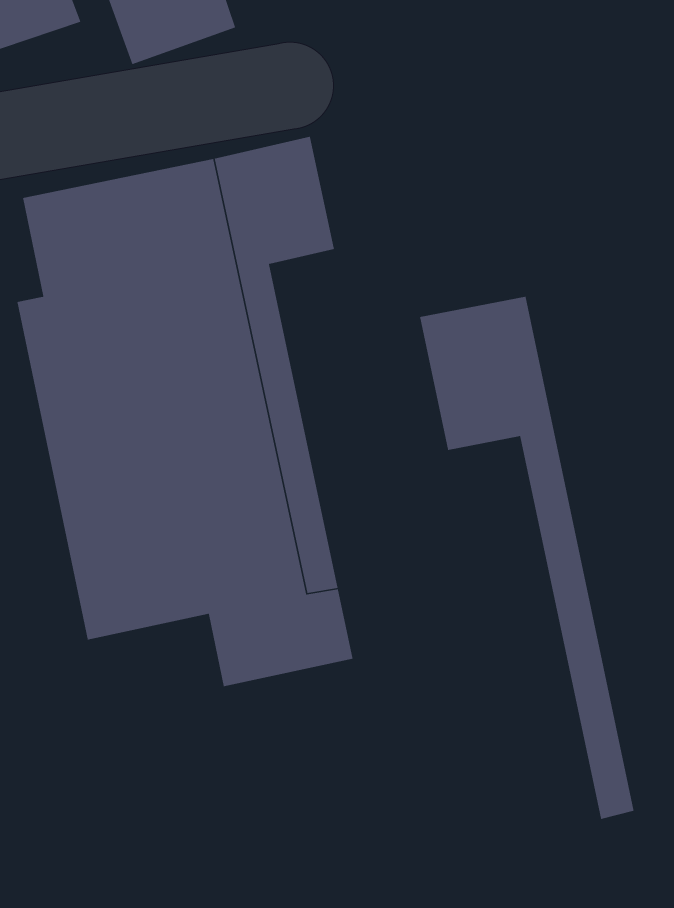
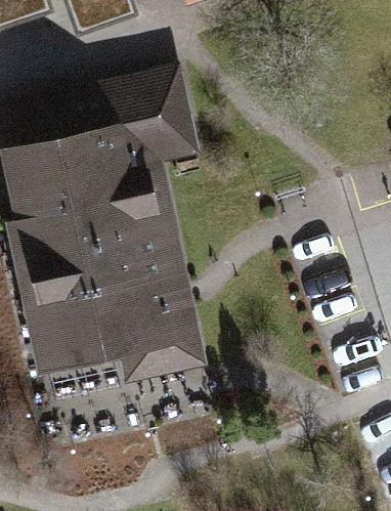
building: [419,296,635,820] -> none

